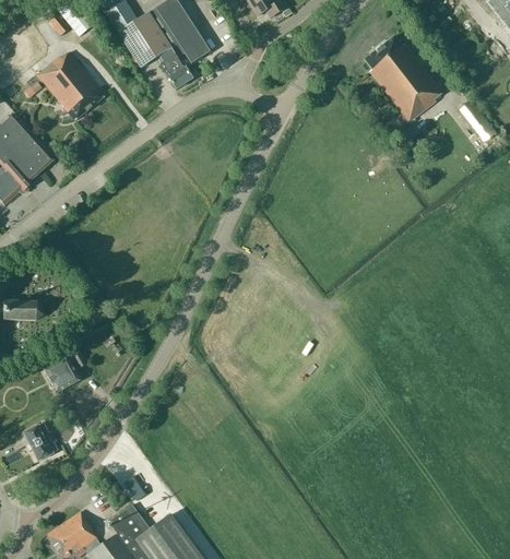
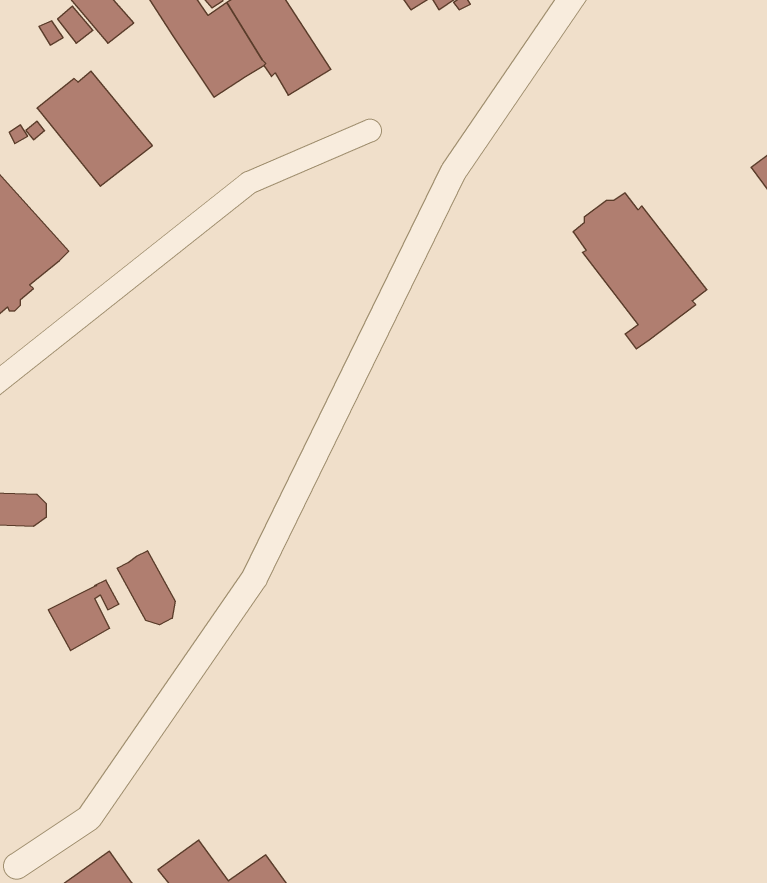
building: [364,36,442,128] -> [573,193,707,349]
building: [159,49,192,88] -> none
building: none -> [117,551,175,625]
building: [23,424,58,462] -> none

